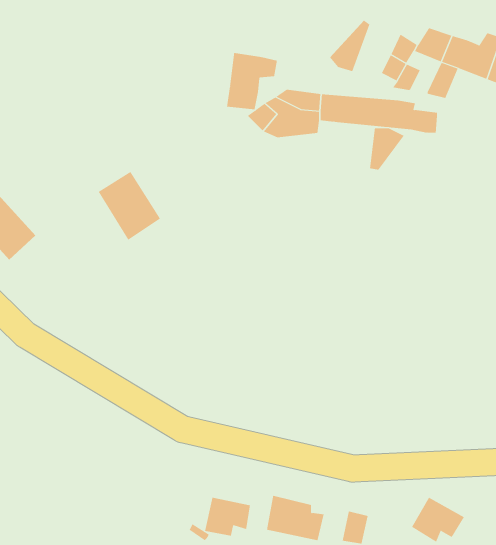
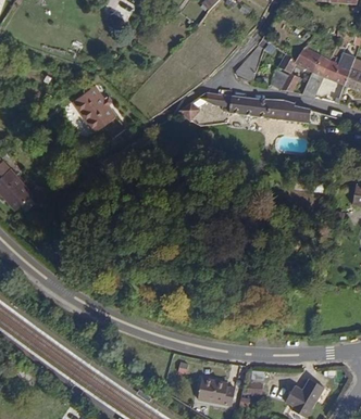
building: [226,52,278,110] -> none
building: [370,127,404,171] -> none
building: [98,171,161,241] -> [74,78,117,126]
building: [204,497,251,537] -> none

